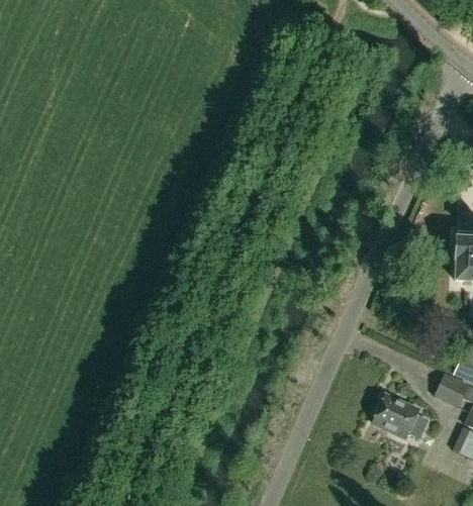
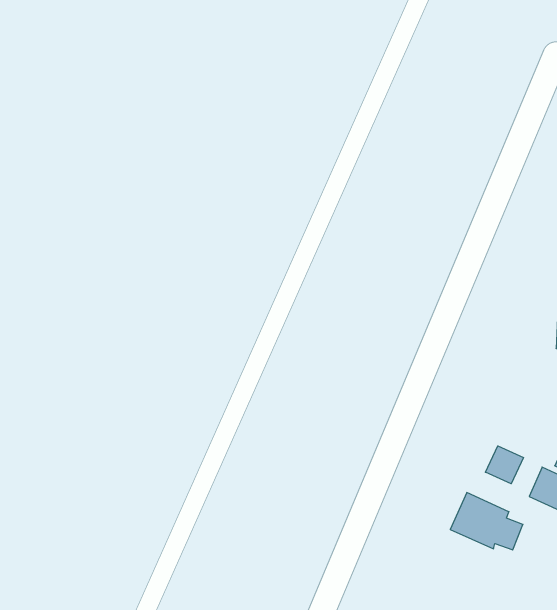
building: none -> [485,446,524,484]

